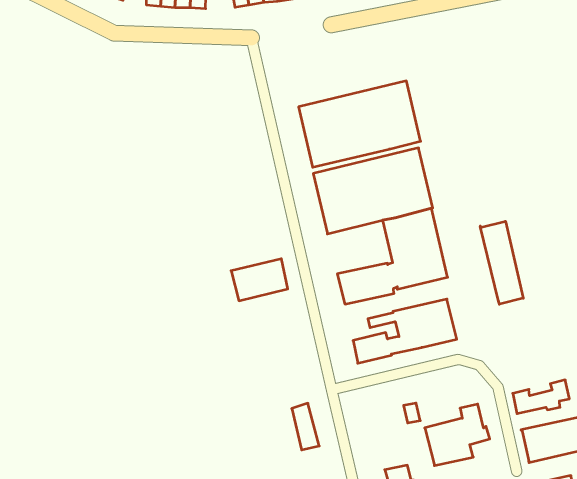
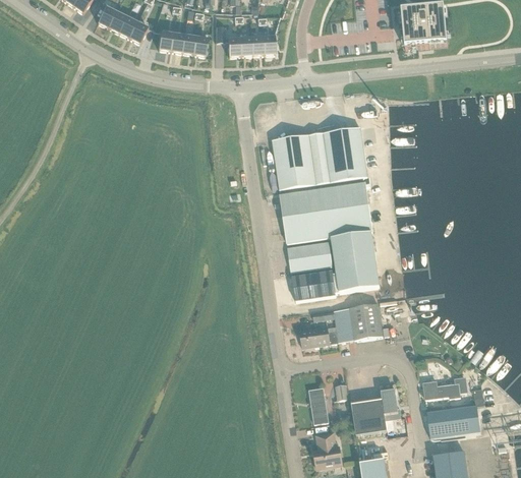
building: [480,221,523,304] -> none
building: [231,259,288,301] -> [287,241,331,272]
building: [292,403,319,450] -> [308,386,328,423]

